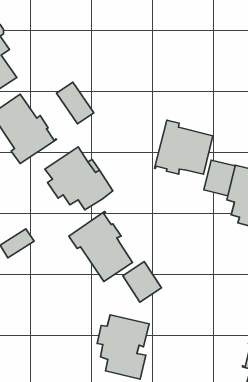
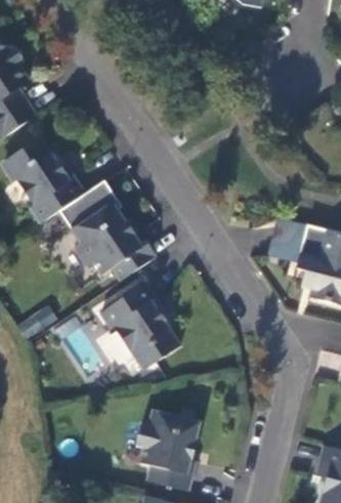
building: [56,82,94,124] -> none
building: [154,120,213,174] -> none
building: [123,261,161,302] -> none

